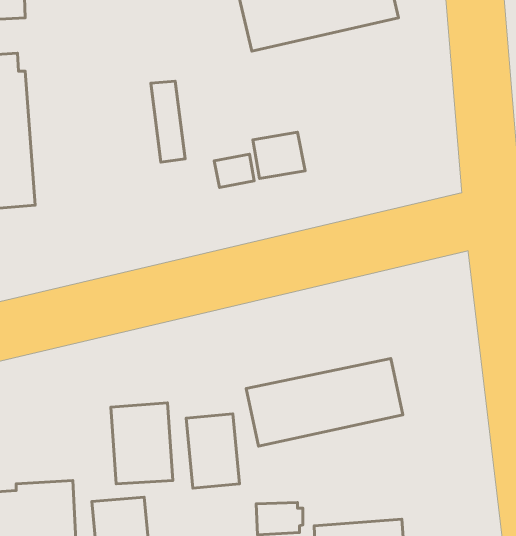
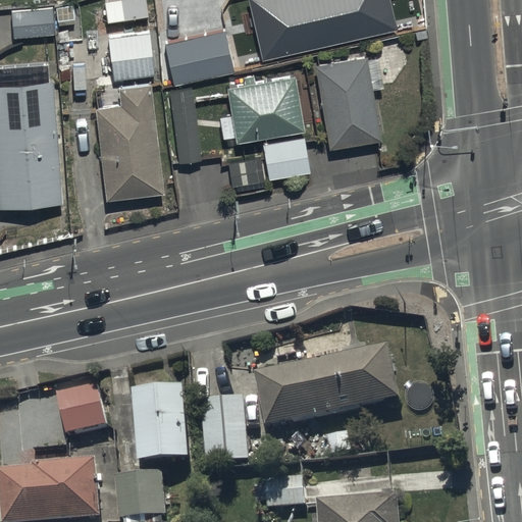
building: none -> [106,31,154,82]
building: none -> [164,31,233,85]
building: none -> [315,56,381,150]
building: none -> [227,75,305,142]
building: none -> [96,84,163,199]
building: none -> [57,384,107,433]

